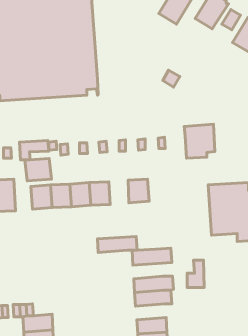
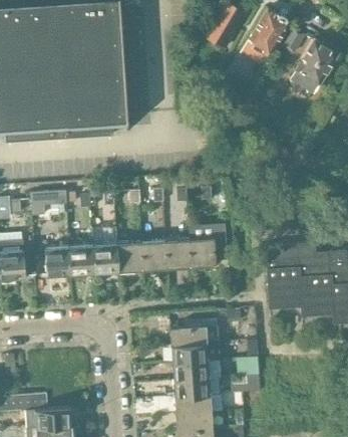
building: [184,124,215,158] -> [189,224,227,266]
building: [25,159,51,181] -> none
building: none -> [141,240,166,270]
building: [97,236,137,253] -> [171,343,221,363]
building: none -> [175,394,213,414]

